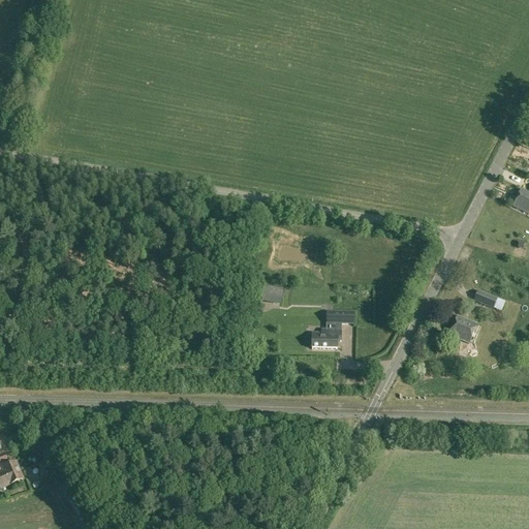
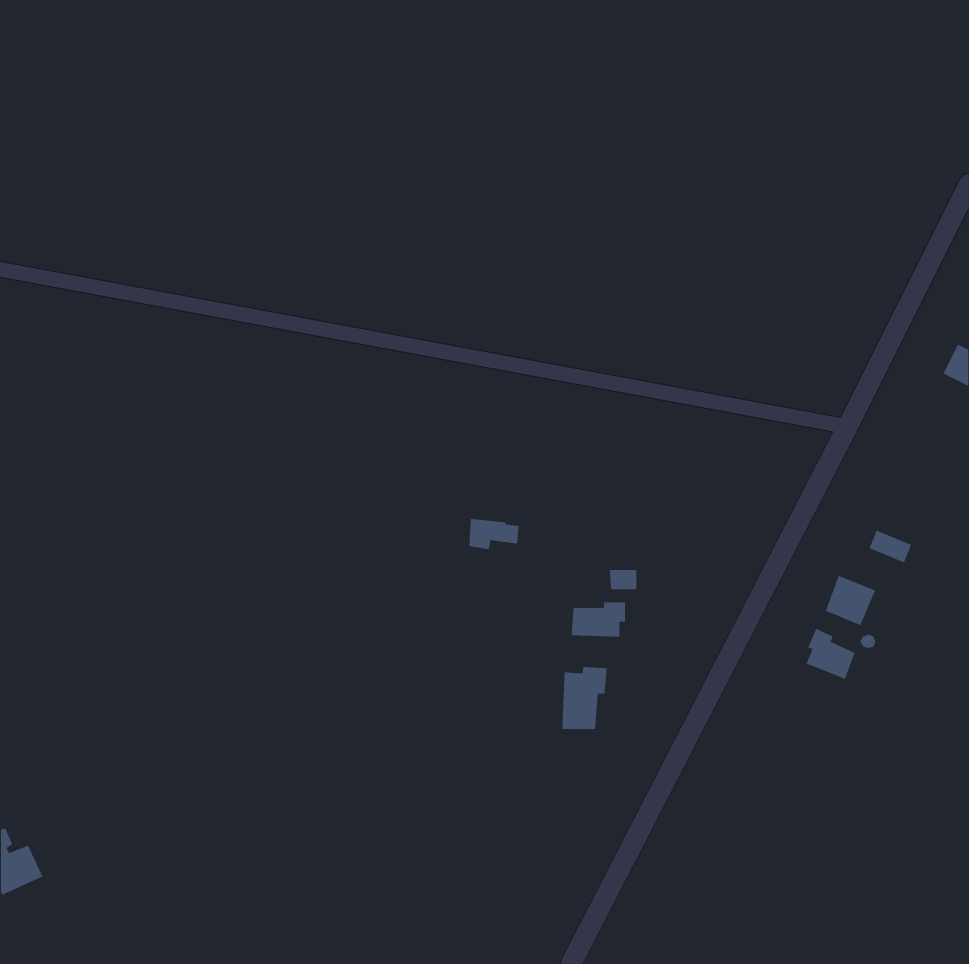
building: none -> [805,628,856,680]
building: none -> [562,666,607,730]

